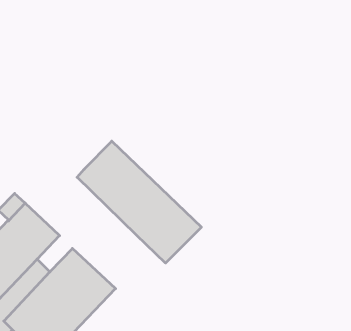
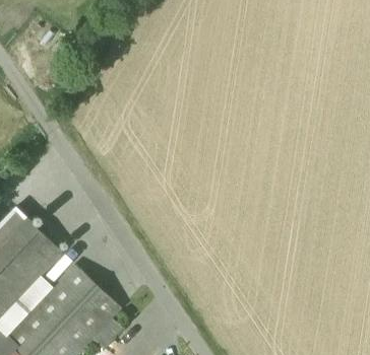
building: [77,141,201,263] -> none

